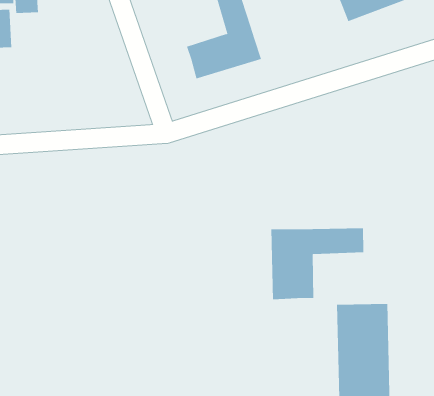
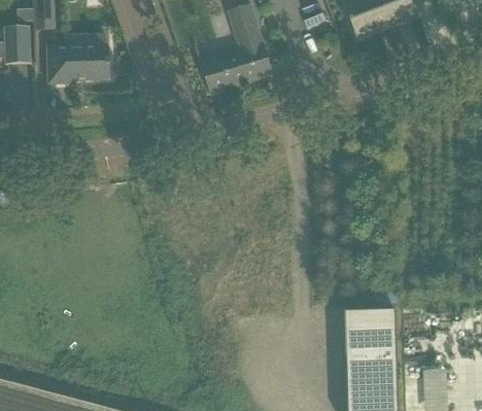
building: none -> [46,33,109,81]
building: [271,228,364,300] -> none

